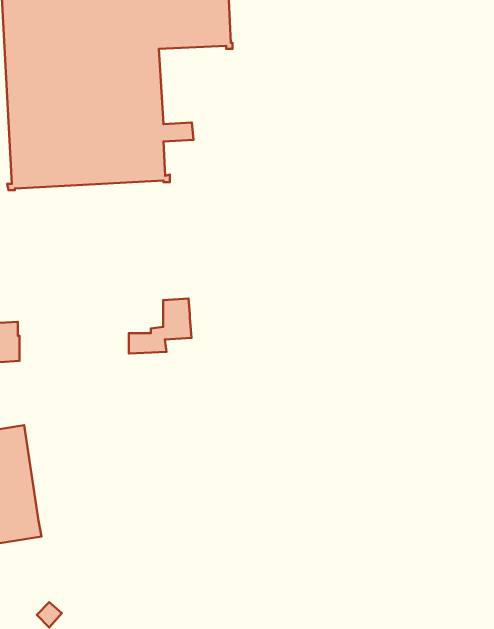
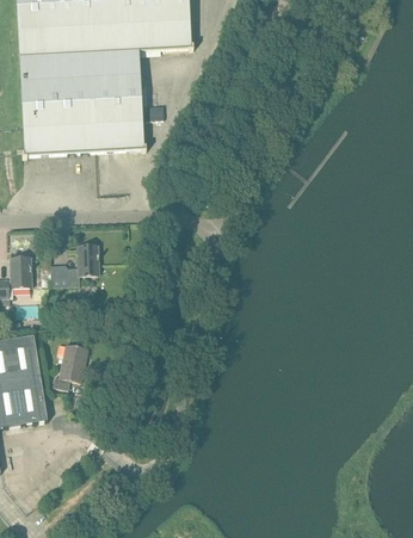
building: [129,299,191,353] -> [51,245,99,286]
building: none -> [53,342,87,389]

